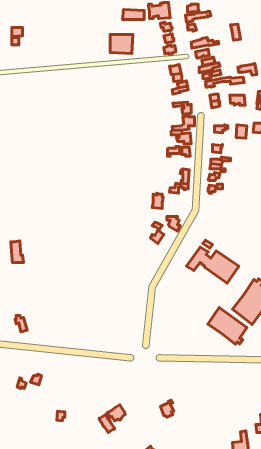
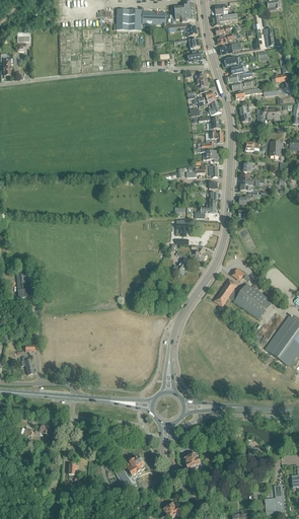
building: [110,35,133,53] -> [116,9,141,30]
building: [208,307,247,344] -> none

